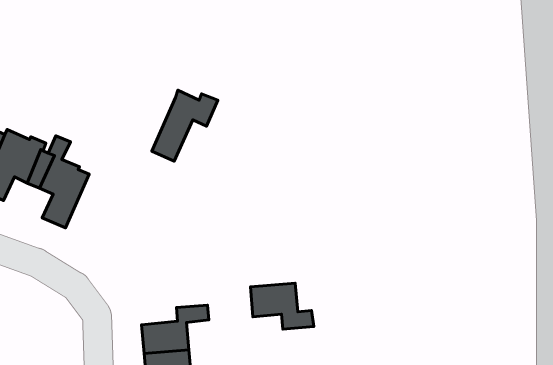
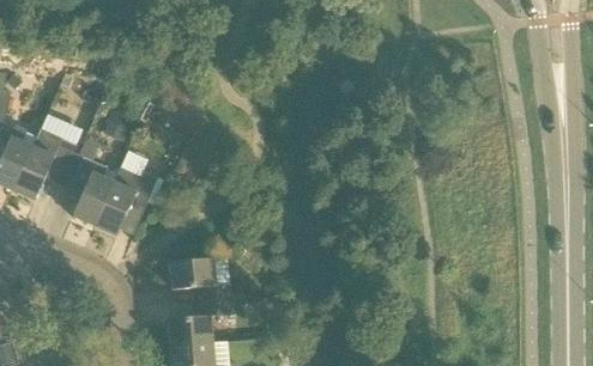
building: [152,90,218,161] -> [92,166,156,234]
building: [250,283,314,329] -> [168,257,229,301]

